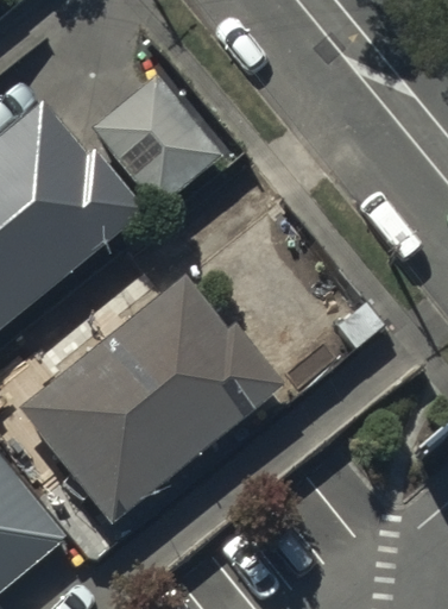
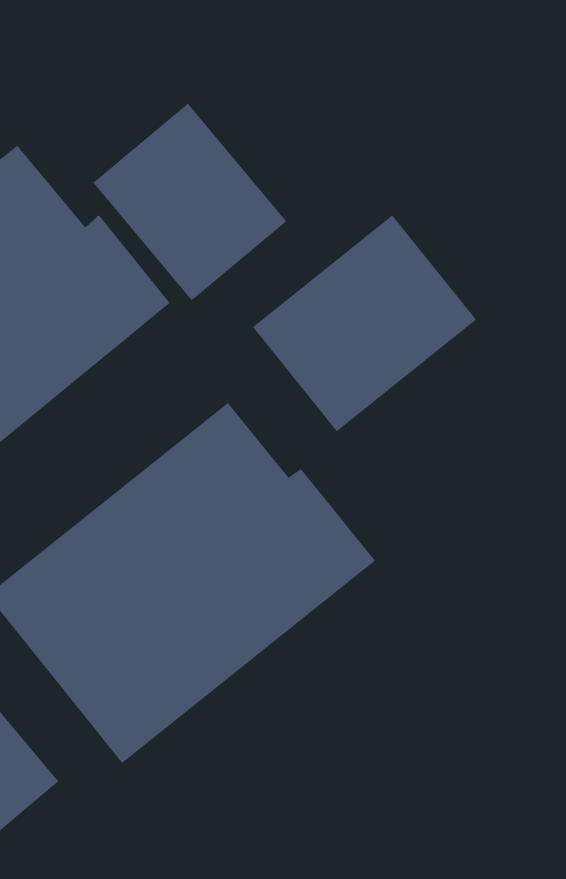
building: none -> [252,215,477,432]

